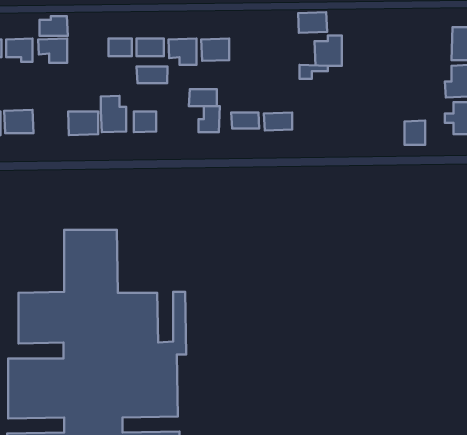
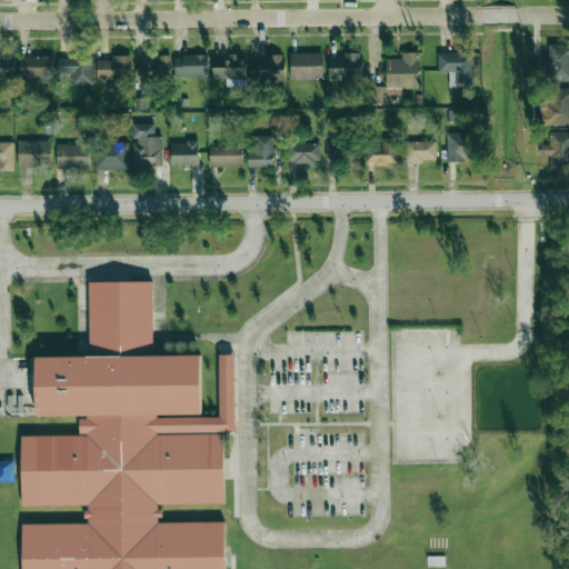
building: [298,12,327,33] -> [328,54,362,79]
building: [40,16,68,36] -> [98,56,131,79]
building: none -> [438,51,473,88]
building: none -> [290,52,322,80]
building: [137,67,168,83] -> none
building: [189,89,217,106] -> [209,147,242,167]
building: none -> [366,138,397,164]
building: none -> [405,141,437,162]
building: none -> [57,144,89,169]
building: [404,121,425,145] -> [447,132,471,161]

